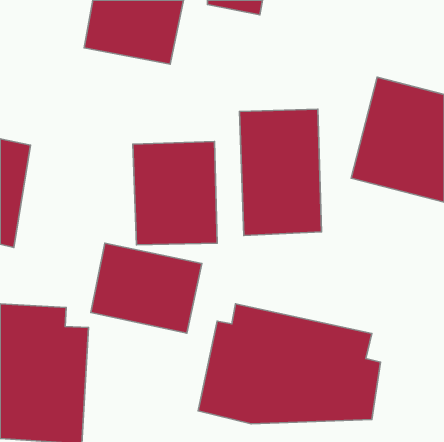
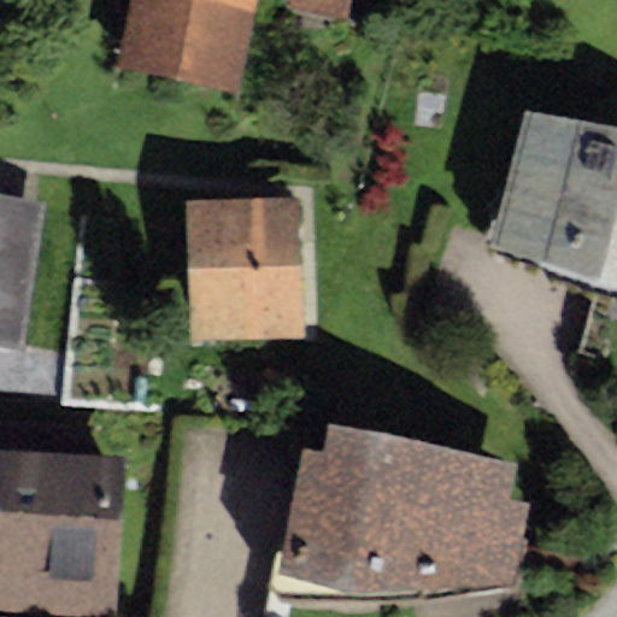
building: [239,109,321,235] -> none
building: [91,243,202,333] -> none

